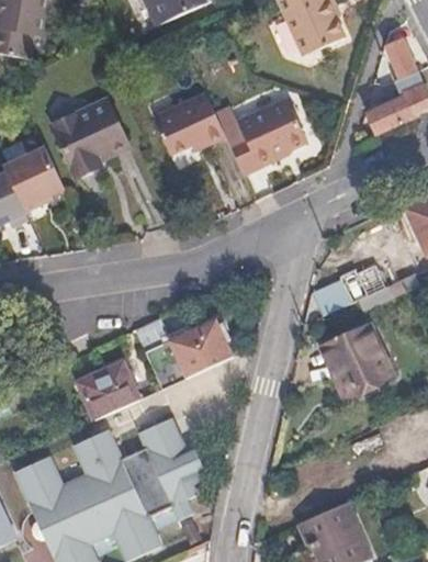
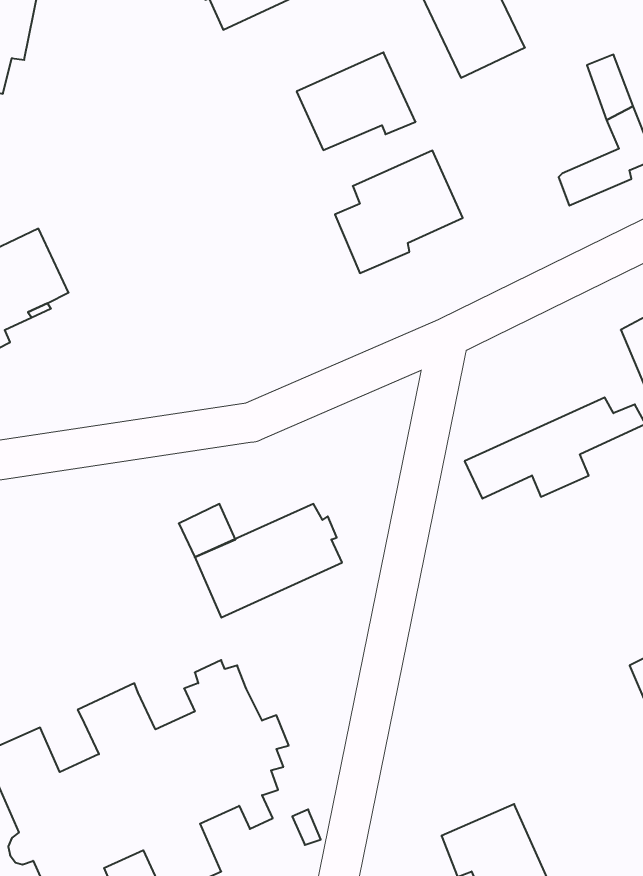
building: [154,92,227,153] -> [297,52,416,150]
building: [52,100,129,179] -> none
building: [320,327,384,393] -> none
building: [78,360,139,417] -> none

